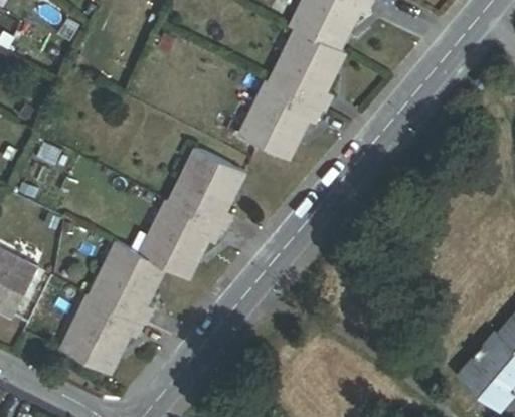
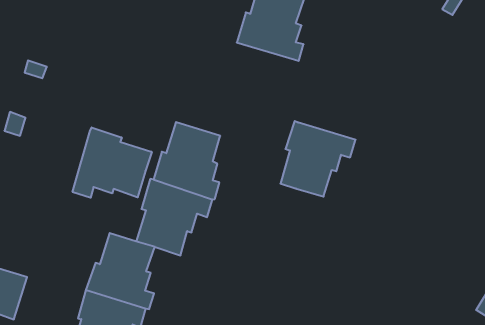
building: [243,80,322,157] -> [280,121,356,197]
building: none -> [73,127,152,198]

